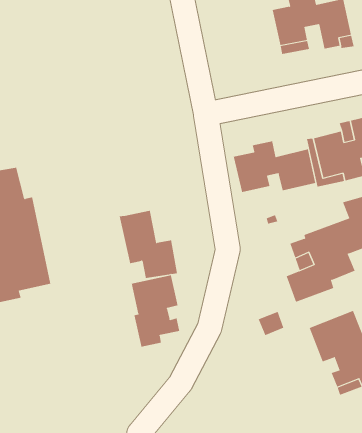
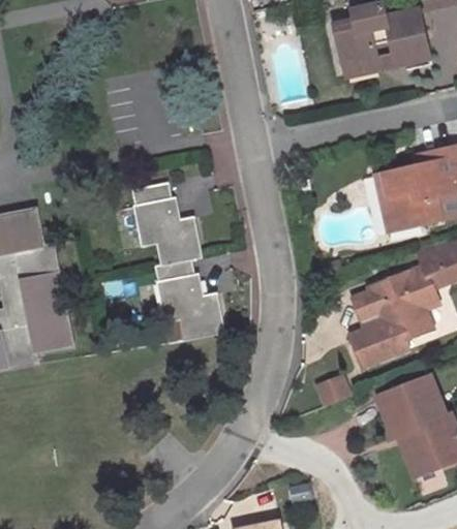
building: [233,141,316,193] -> none
building: none -> [131,182,202,263]
building: [131,274,180,348] -> none

